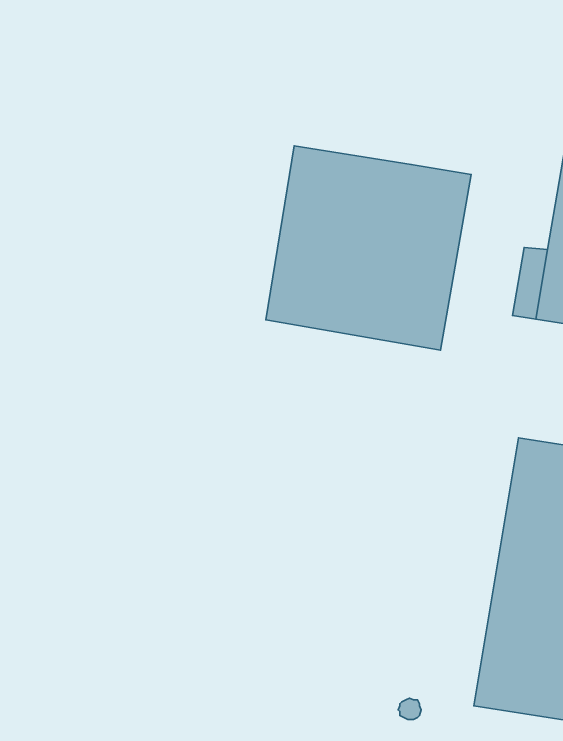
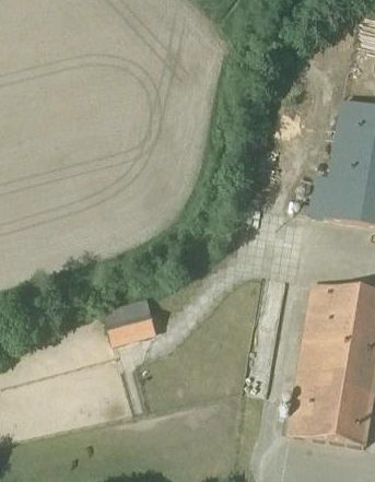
building: [266,146,471,350] -> none
building: none -> [106,303,152,341]

